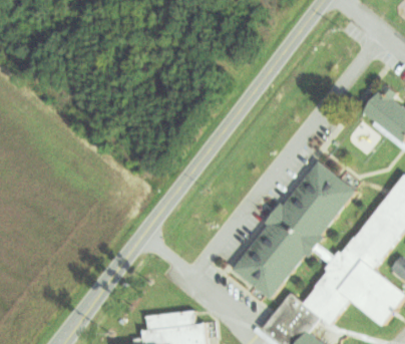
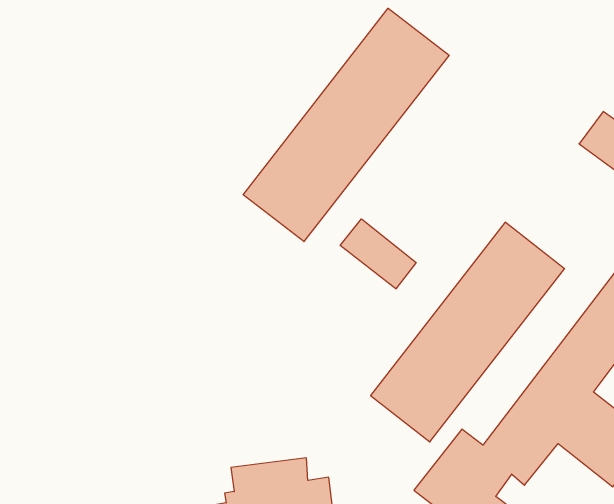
building: none -> [243,8,449,242]
building: none -> [340,219,416,289]

